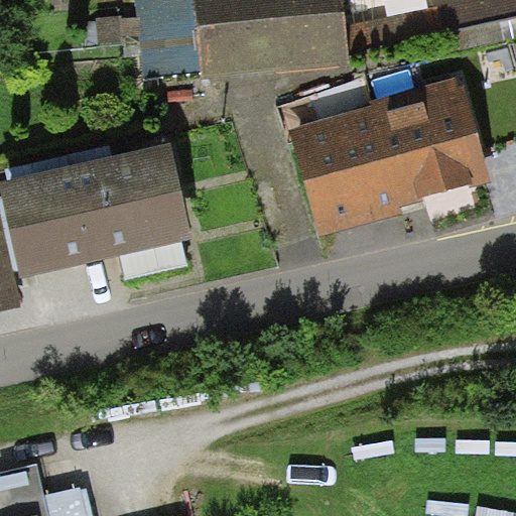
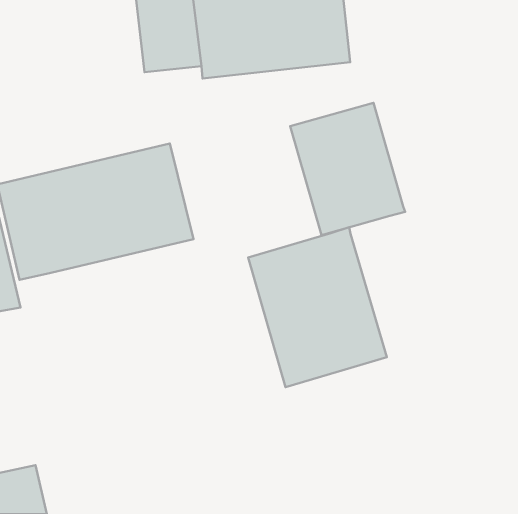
building: [369,73,489,205] -> none
building: none -> [248,227,387,387]

